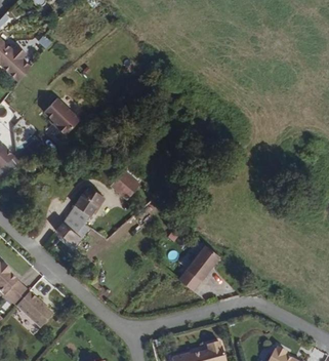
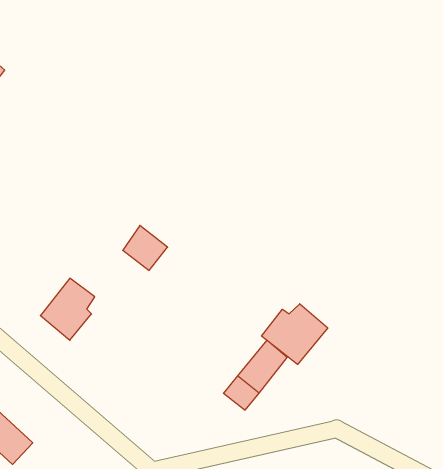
building: [44,99,80,135] -> none
building: [76,186,105,216] -> none
building: none -> [262,304,328,364]

